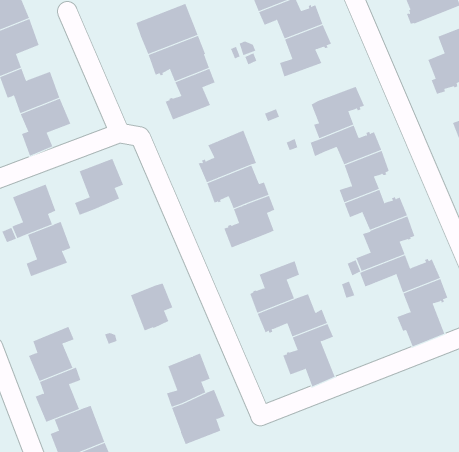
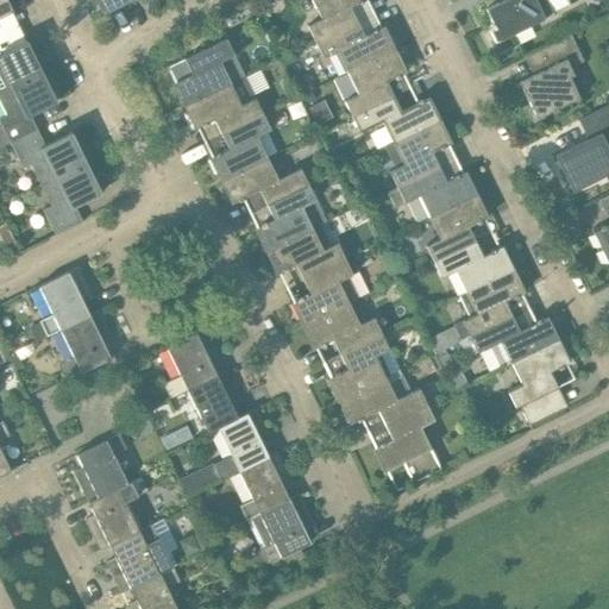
building: none -> [351,96,438,142]
building: none -> [222,157,308,205]
building: [74,158,128,215] -> [164,327,227,398]
building: none -> [304,303,382,353]
building: none -> [181,408,272,497]

